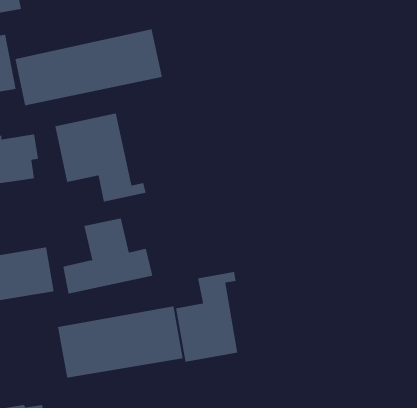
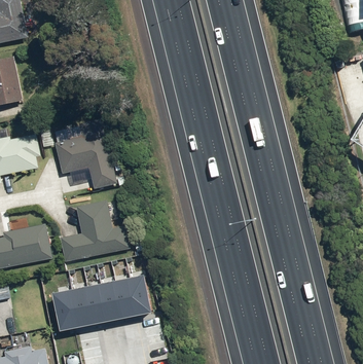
building: [15,28,162,106] -> none
building: [176,271,238,362] -> none

